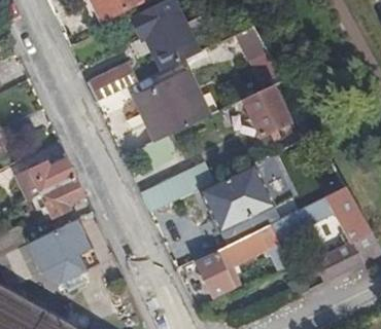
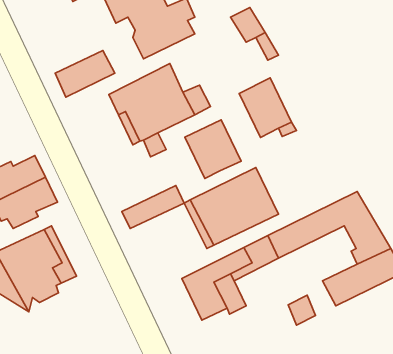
building: none -> [185,120,241,179]

